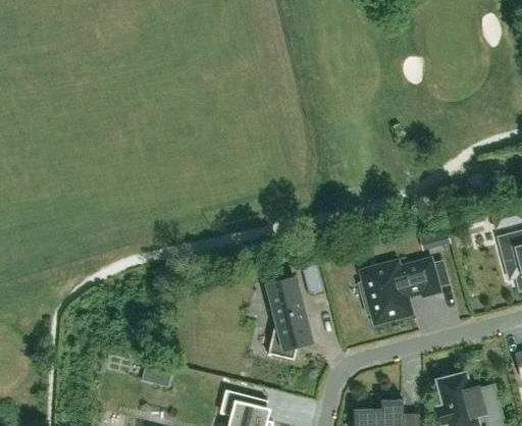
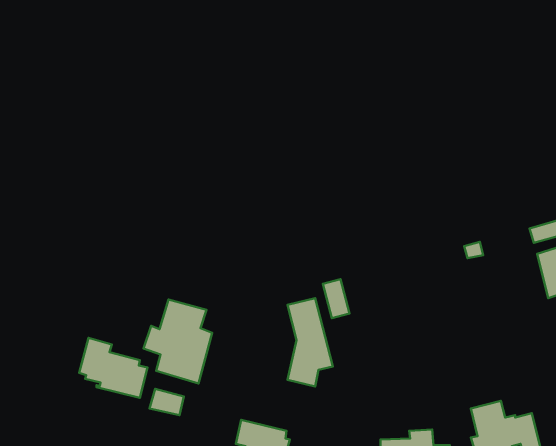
building: [358,255,441,325] -> none
building: none -> [144,300,212,384]
building: none -> [79,338,148,398]

